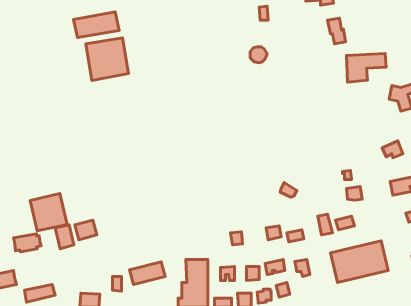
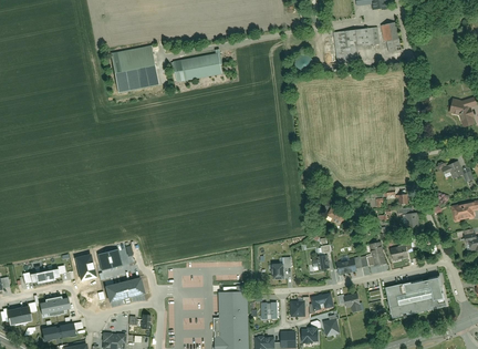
building: [74,12,119,37] -> [173,53,224,82]
building: [347,53,386,82] -> [334,30,378,62]
building: [30,193,67,231] -> none
building: [130,262,165,285] -> [106,278,146,304]
building: none -> [40,297,72,317]

